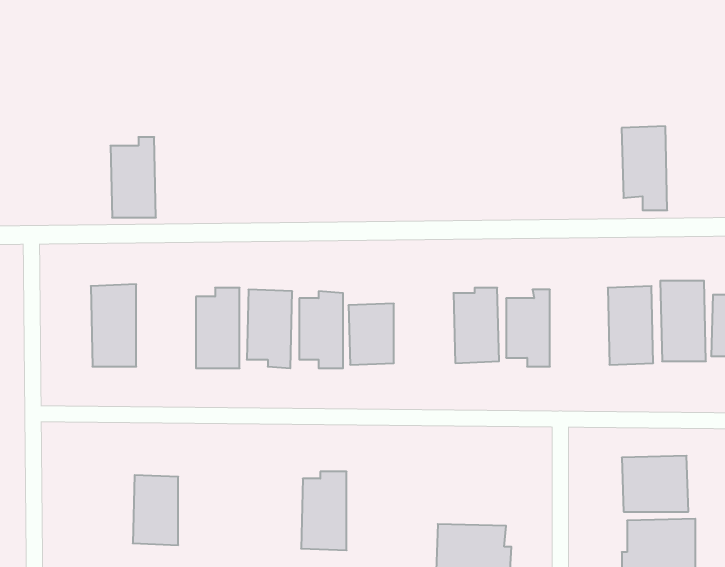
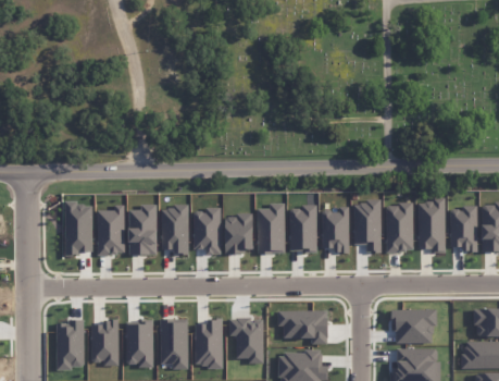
building: [622,126,667,210] -> [353,200,382,253]
building: [110,137,156,218] -> [97,205,125,255]
building: none -> [258,202,285,254]
building: none -> [278,310,327,344]
building: none -> [229,318,264,362]
building: none -> [161,319,188,369]
building: none -> [55,321,84,369]
building: none -> [125,322,153,367]

